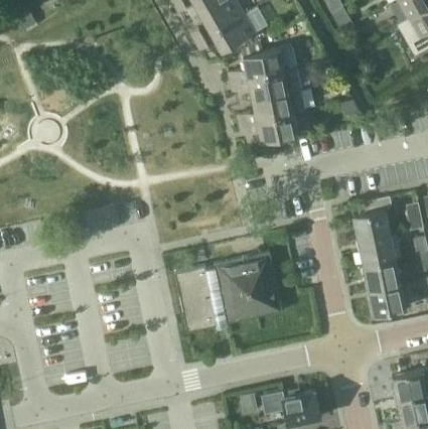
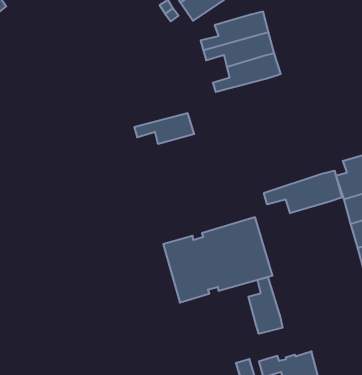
building: [239,114,298,142] -> [134,113,194,144]
building: none -> [264,171,342,213]
building: none -> [248,277,283,334]

